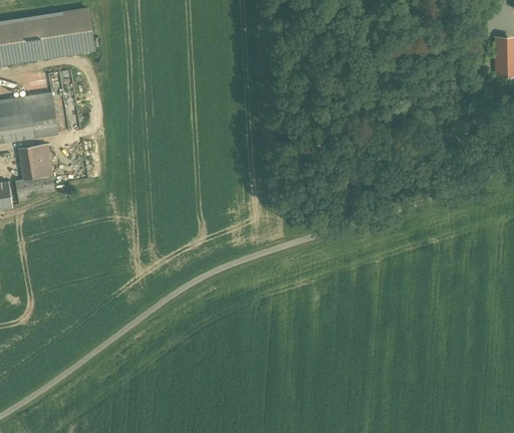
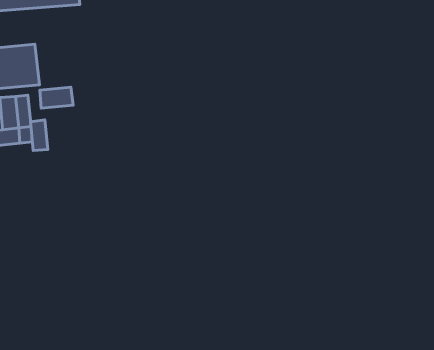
building: none -> [40,87,73,108]
building: none -> [31,120,48,150]

